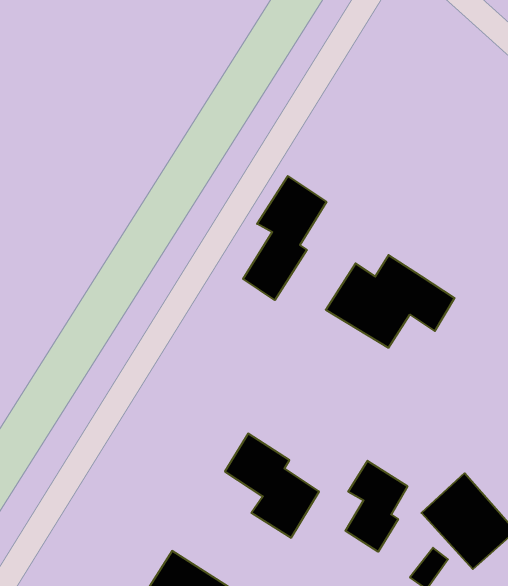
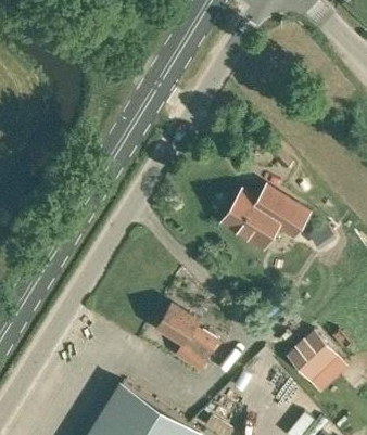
building: [243,176,326,300] -> none
building: [345,461,407,552] -> none

